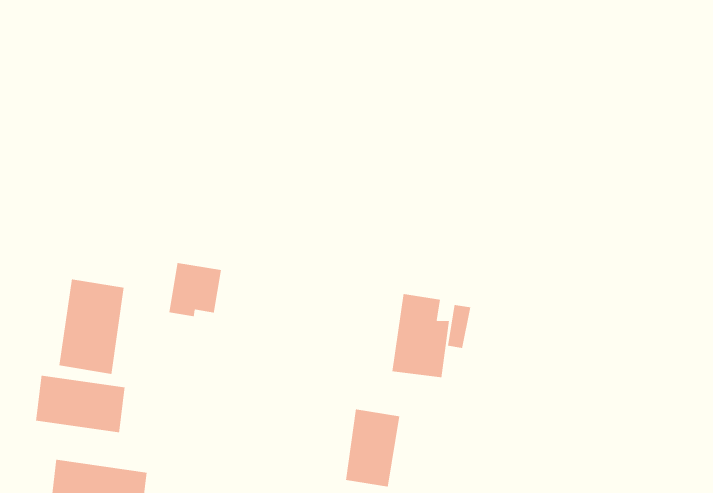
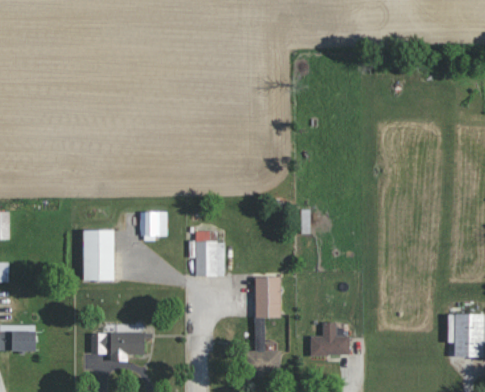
building: [392,293,450,378] -> [194,231,224,276]
building: [35,375,125,433] -> none

